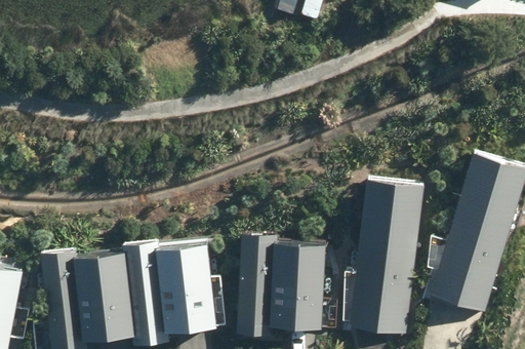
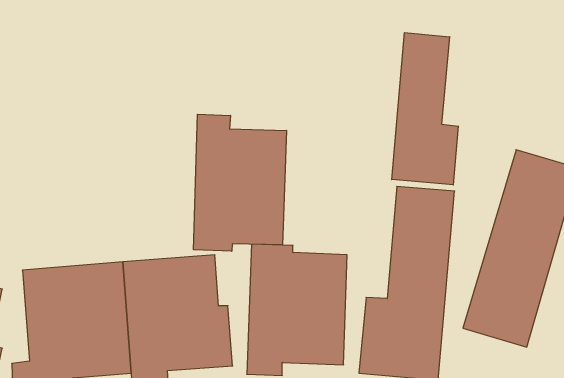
building: none -> [392,33,458,185]
building: none -> [194,114,286,251]

